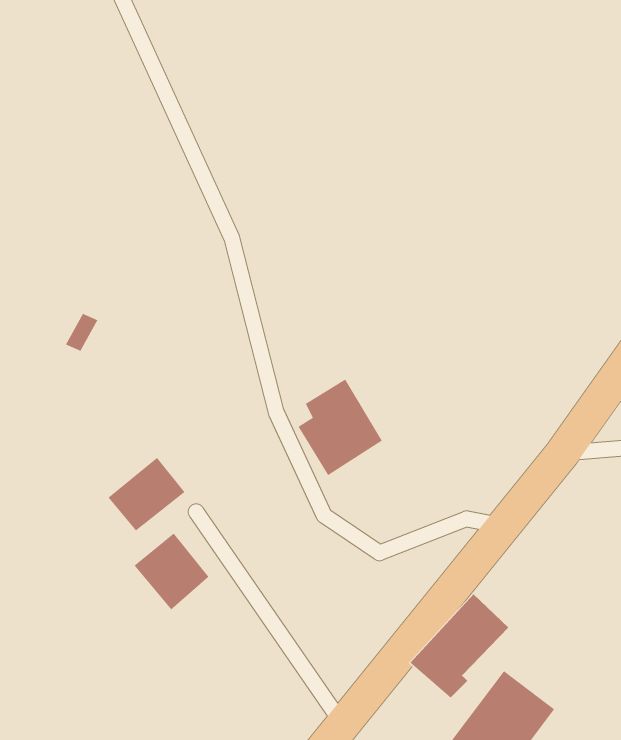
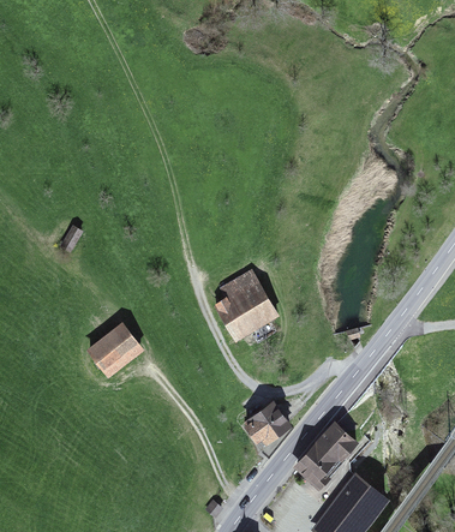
building: [134,533,209,610] -> none
building: none -> [243,399,292,443]

